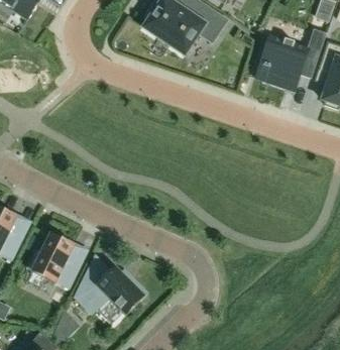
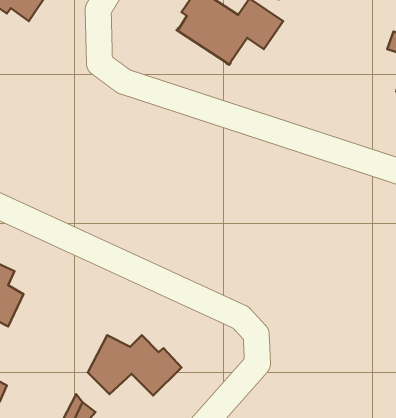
building: [261,32,308,90] -> none
building: [28,233,84,287] -> none

